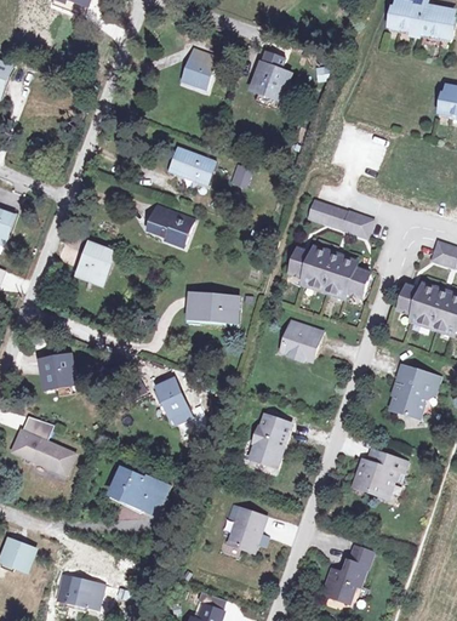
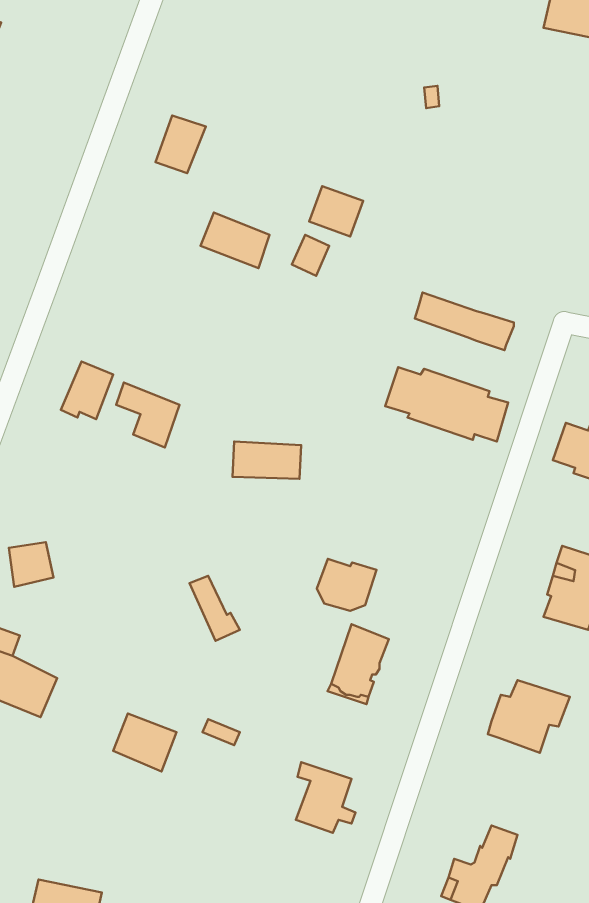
building: [181,50,213,87] -> [155,115,206,173]
building: [252,64,287,97] -> [309,186,363,236]
building: [152,205,193,247] -> [116,382,180,448]
building: [284,324,322,358] -> [317,559,376,611]

